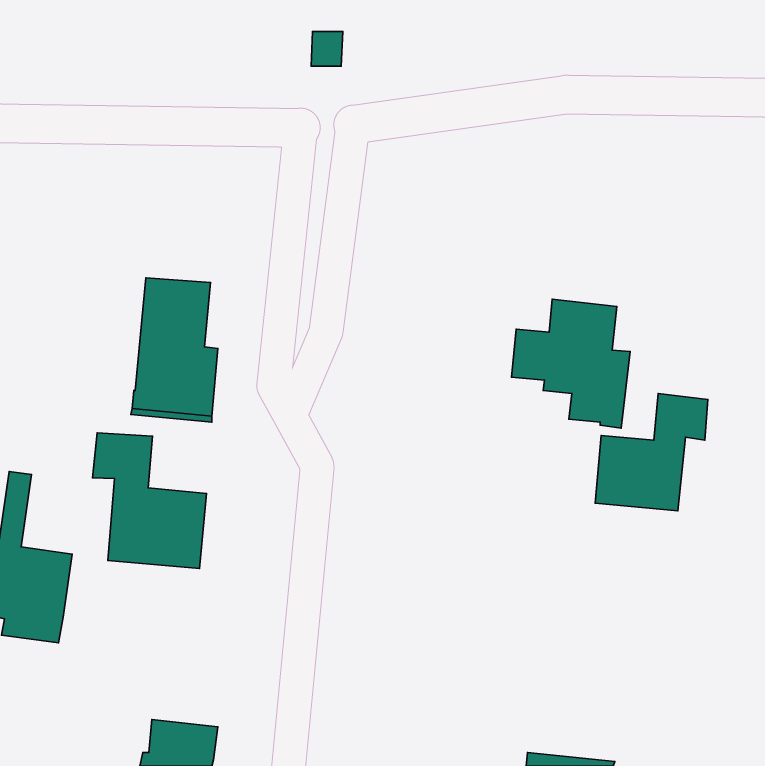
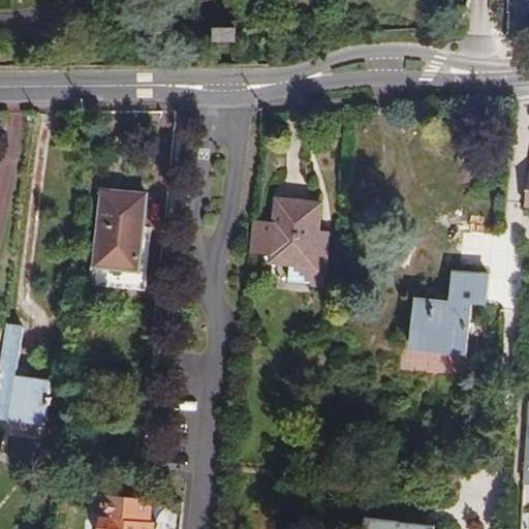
building: [512,299,630,428] -> [247,198,329,287]
building: [92,433,206,569] -> none

